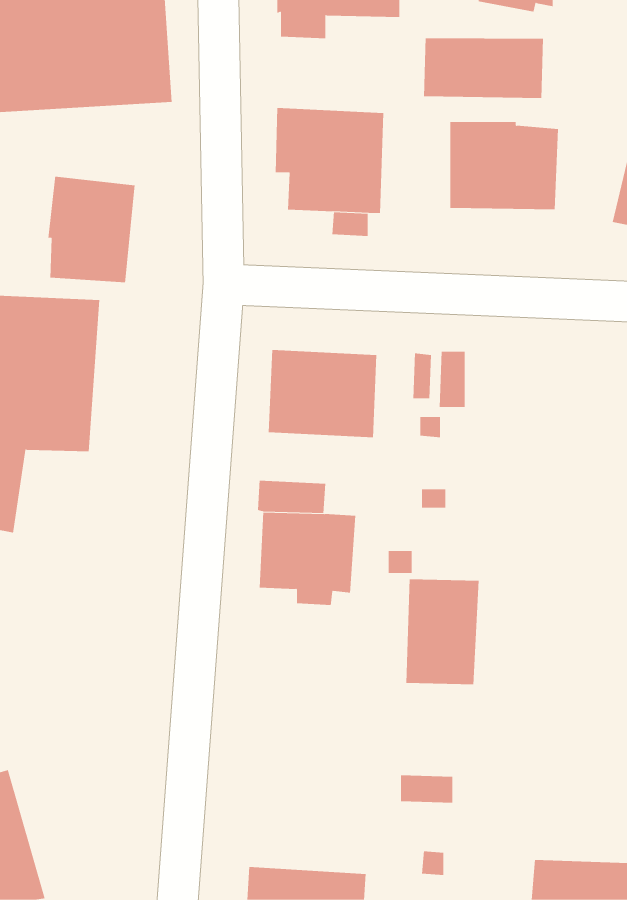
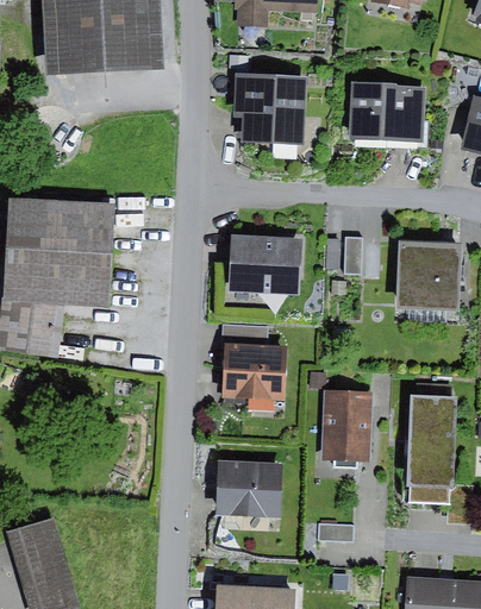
building: [423,38,544,99] -> none
building: [48,176,135,283] -> none
building: none -> [396,240,461,309]
building: none -> [406,394,458,504]
building: none -> [215,460,283,519]

